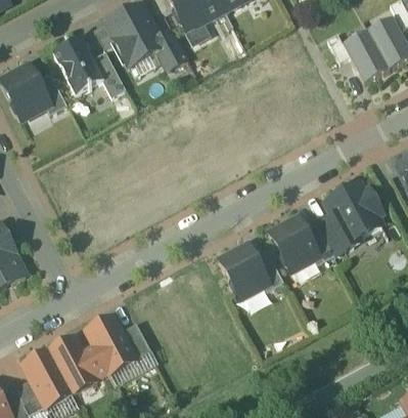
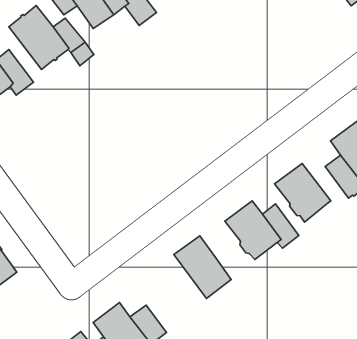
building: [305,223,334,264] -> none
building: none -> [174,236,231,299]

